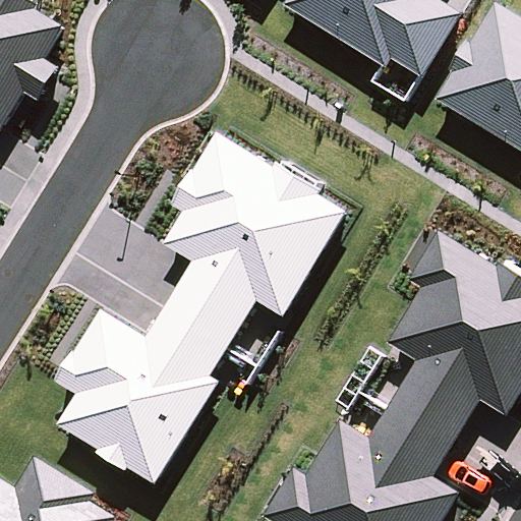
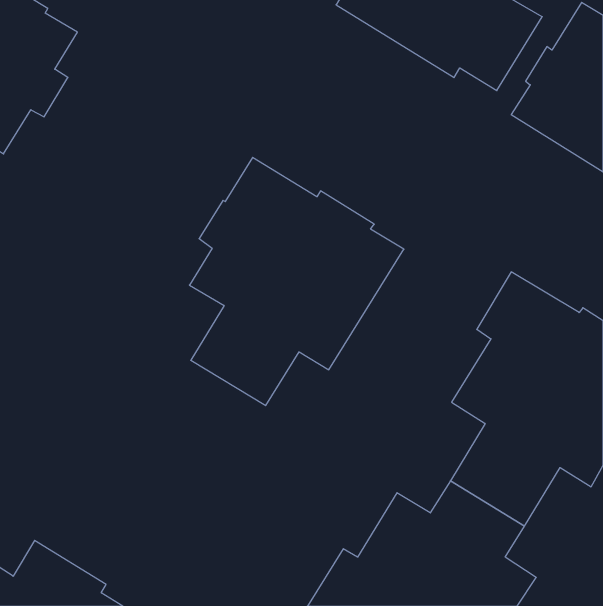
building: [57,307,227,482] -> none

